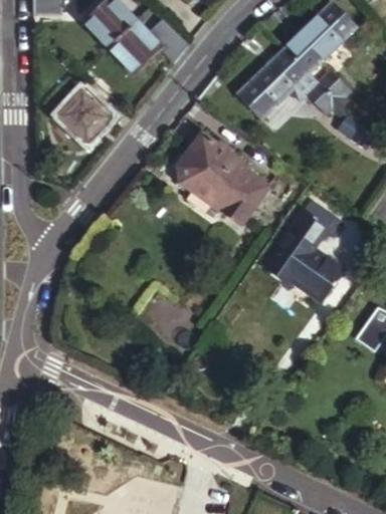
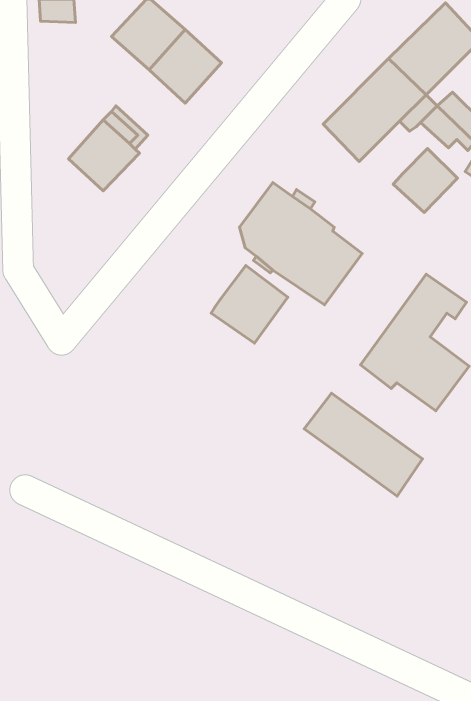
building: none -> [393,148,457,213]
building: none -> [211,265,288,343]
building: none -> [304,393,422,496]

